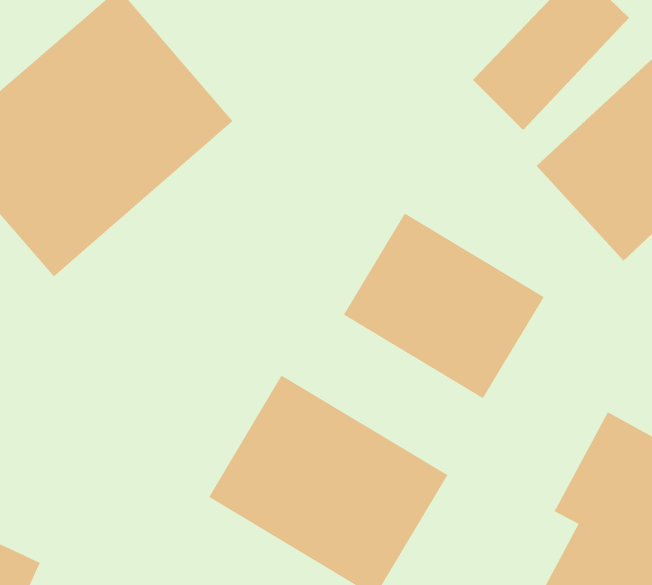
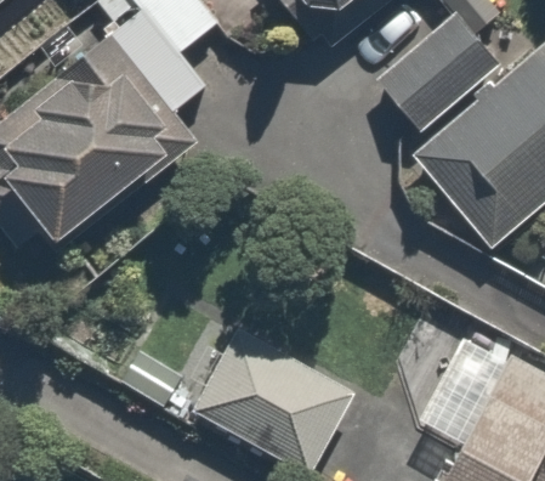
building: [343,213,545,399] -> none

